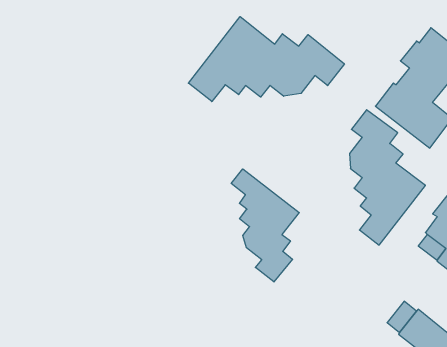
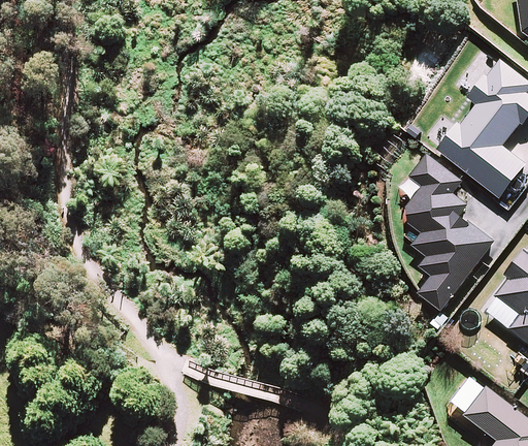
building: [188,17,344,102] -> none
building: [231,169,299,282] -> none

